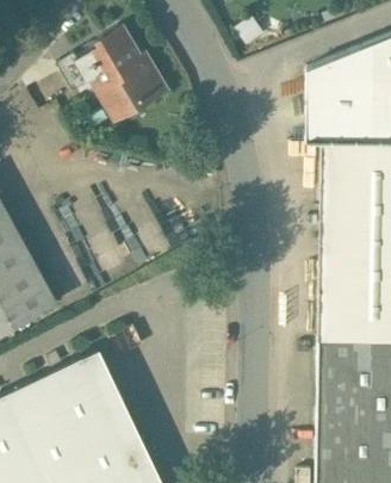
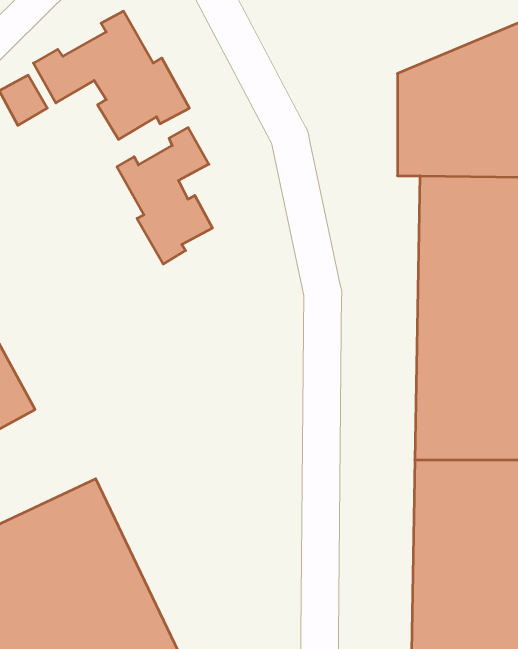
building: none -> [117,128,212,264]

